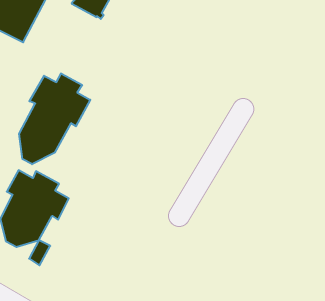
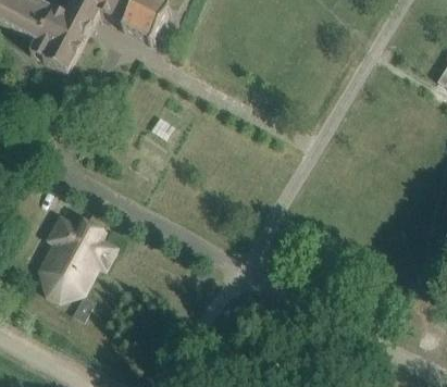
building: [19,73,90,164] -> none

